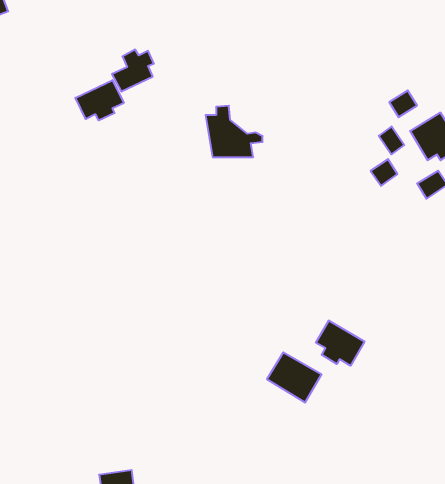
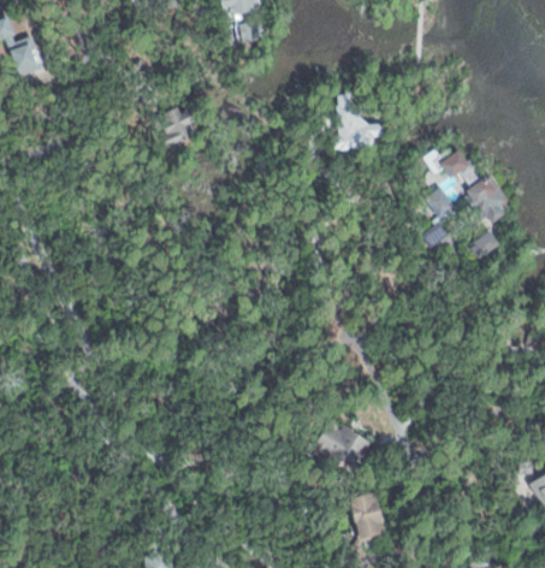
building: [75,80,124,120] -> none
building: [206,106,263,157] -> [326,95,385,148]
building: [316,320,364,366] -> none
building: none -> [348,491,389,545]

